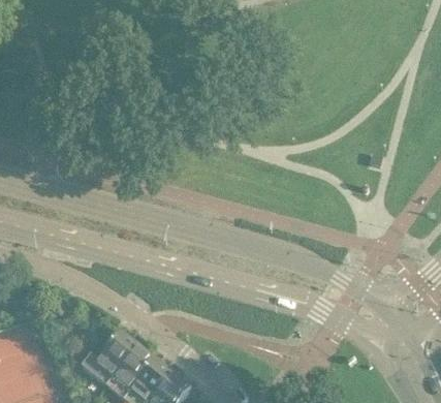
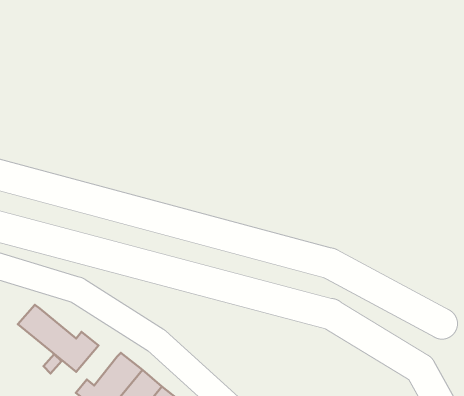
building: none -> [18,305,99,372]

